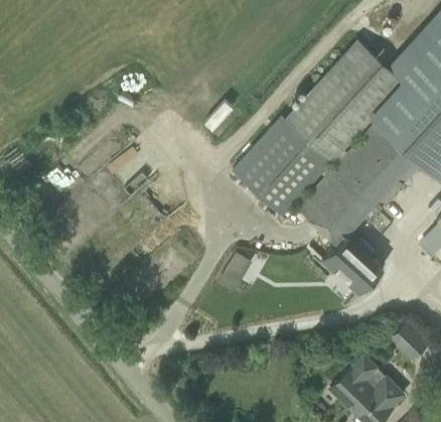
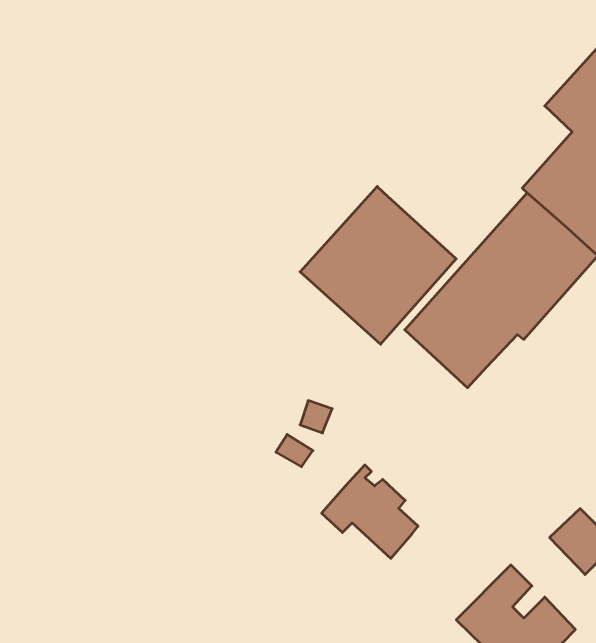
building: [285,43,403,164] -> none
building: [322,232,383,290] -> [322,465,418,558]

